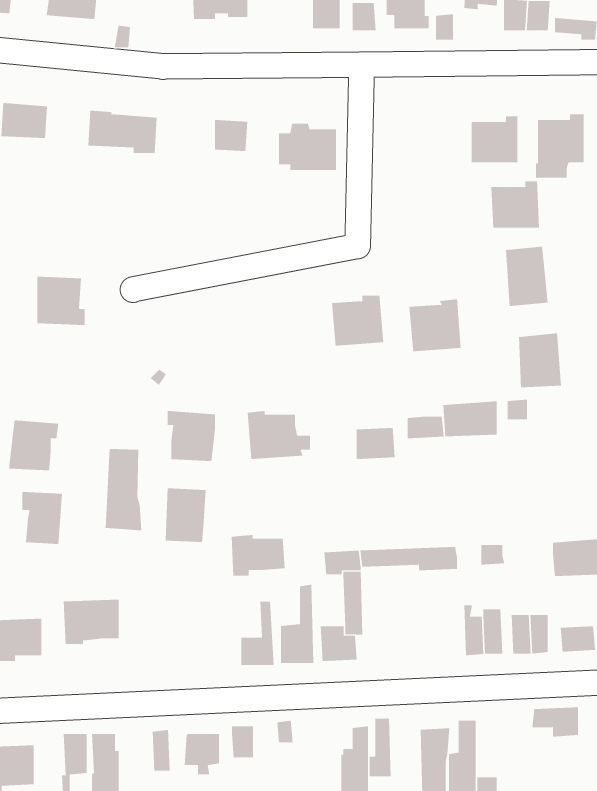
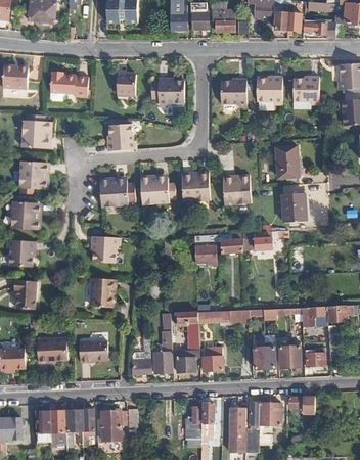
building: [491,181,540,228] -> [220,79,246,104]
building: none -> [22,120,51,148]
building: none -> [108,124,134,150]
building: none -> [100,179,128,205]
building: none -> [13,202,41,231]
building: [247,410,311,460] -> [141,176,176,202]
building: [105,448,142,531] -> none
building: [231,535,286,576] -> [79,339,108,362]
building: none -> [202,347,222,370]
building: none -> [260,403,281,431]
building: none -> [68,409,85,431]

